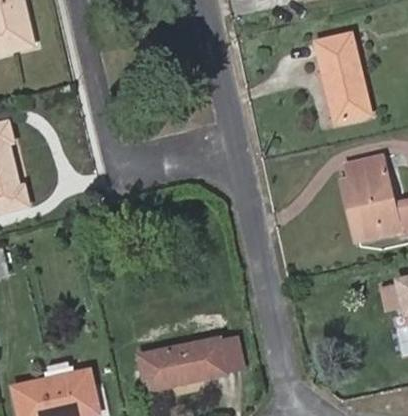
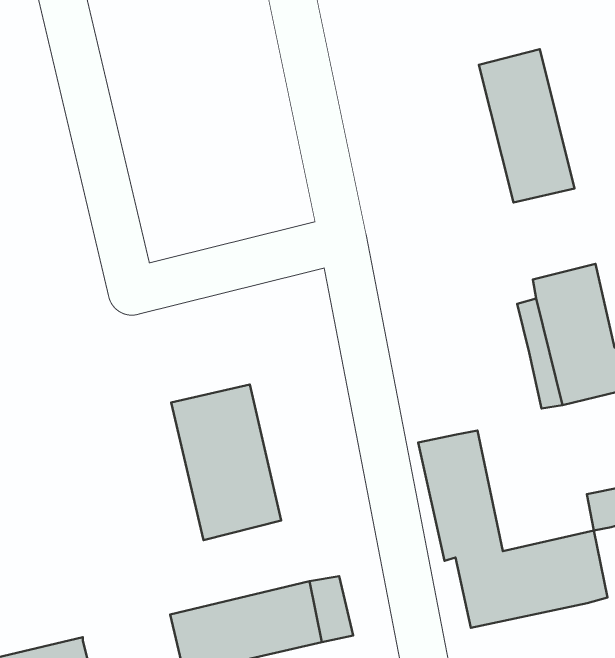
building: none -> [171,384,281,540]
building: none -> [418,431,608,628]

